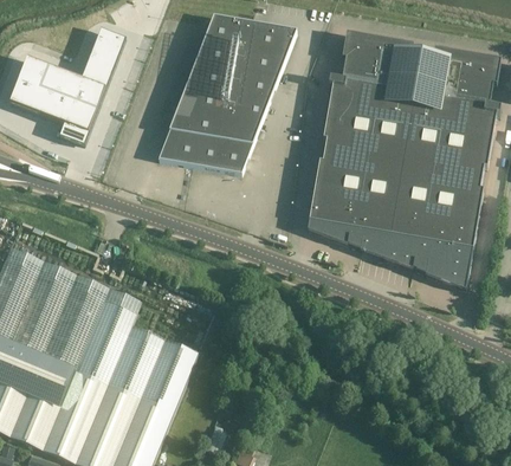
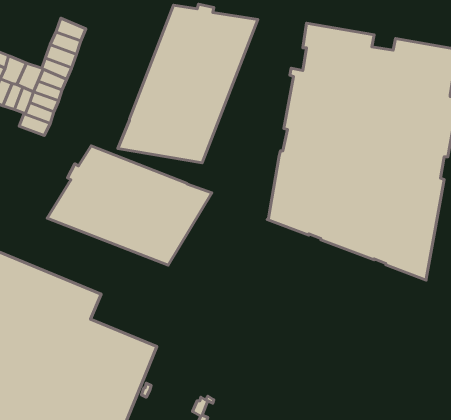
building: none -> [47,146,212,265]

